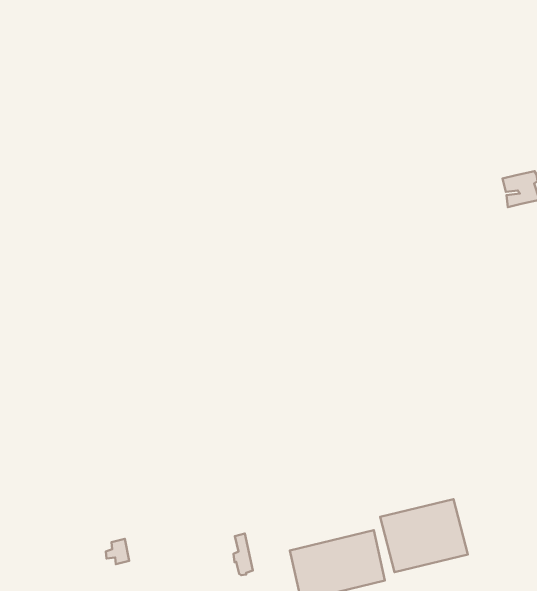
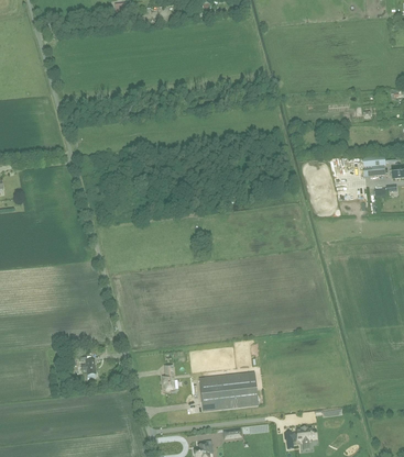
building: [380,499,468,572] -> none

